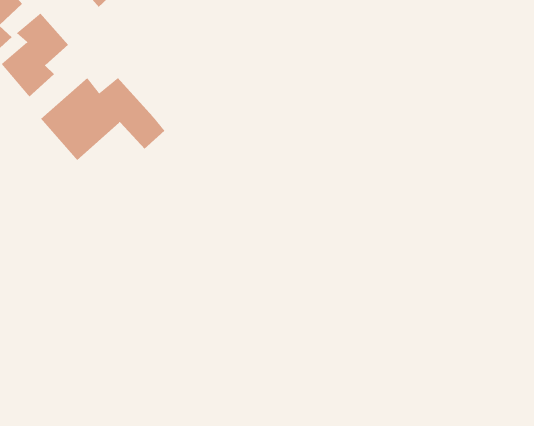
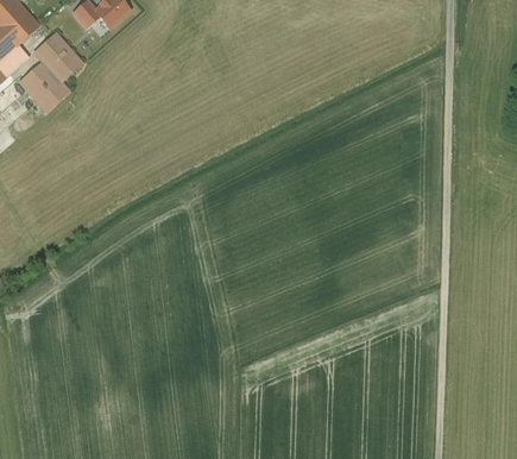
building: [40,77,165,161] -> none

